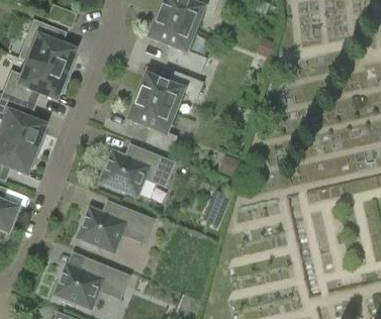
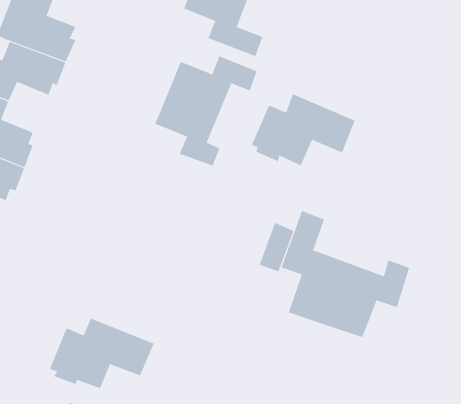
building: [101,143,175,195] -> [251,93,355,166]
building: none -> [281,210,410,338]
building: [78,200,154,251] -> none

